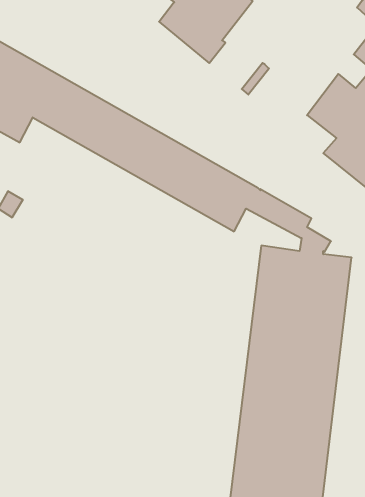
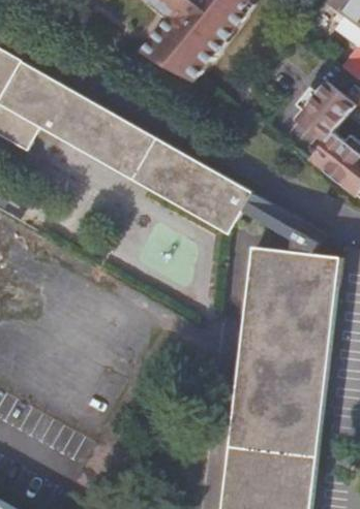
building: none -> [138,33,201,83]

